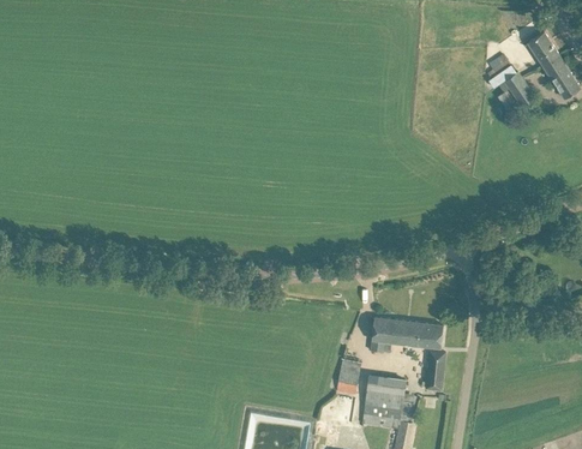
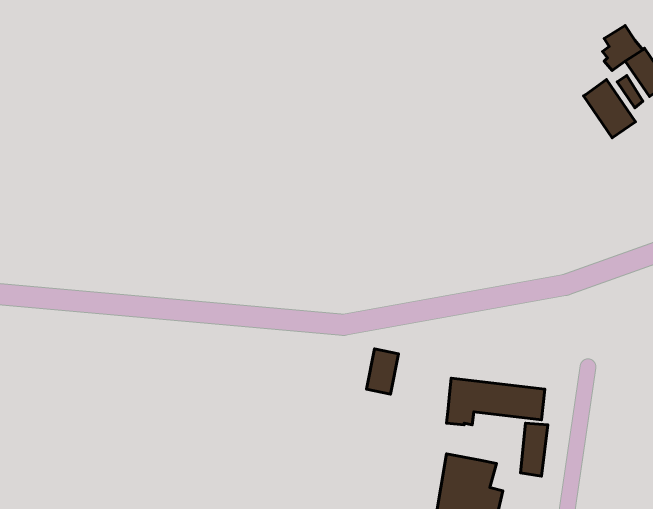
building: none -> [583,80,635,138]
building: [336,360,360,394] -> [366,349,399,394]

